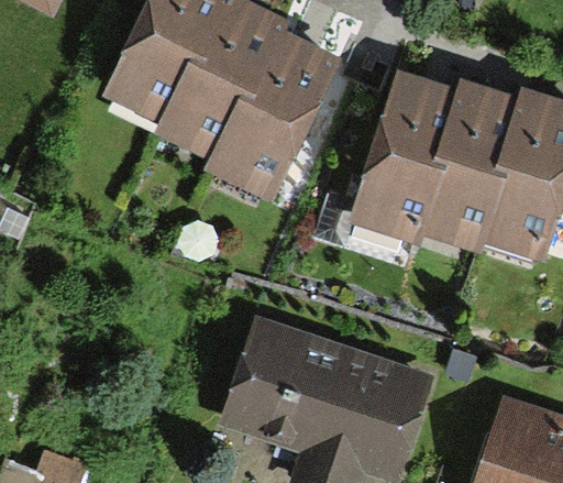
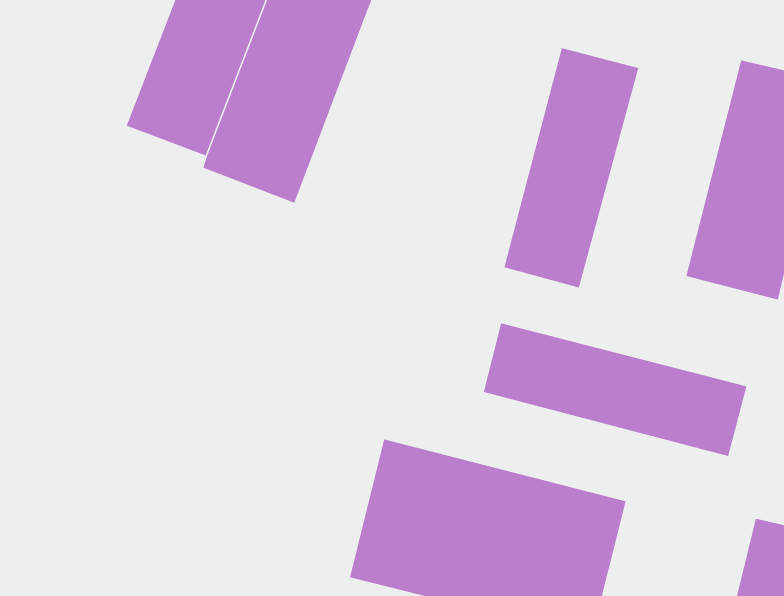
building: [218,39,335,196] -> none
building: [415,86,523,246] -> none
building: none -> [483,323,747,457]

